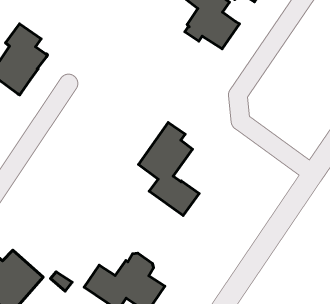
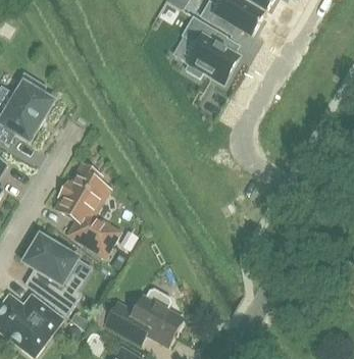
building: [138,123,199,215] -> [55,165,116,255]
building: none -> [21,235,79,316]

